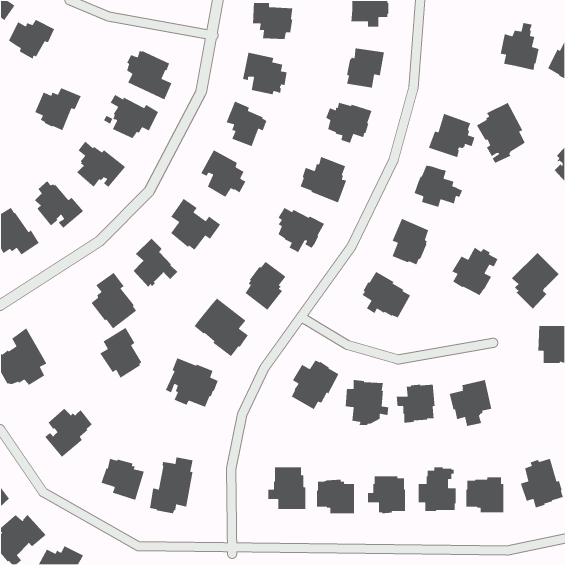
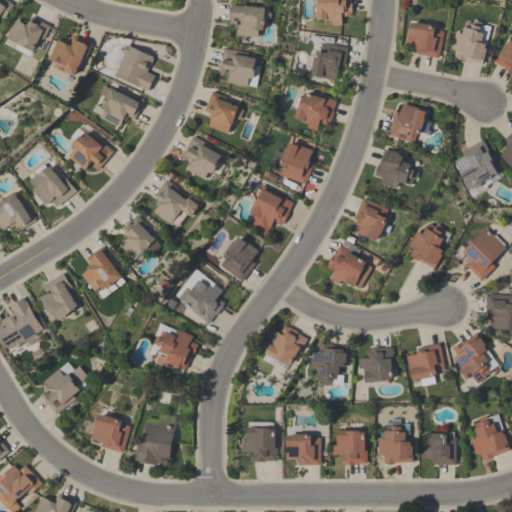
building: none -> [406,22,444,58]
building: [34,87,82,131] -> [50,36,93,76]
building: [476,102,526,164] -> [455,140,500,196]
building: [99,327,142,379] -> [39,273,78,320]
building: none -> [453,332,497,383]

